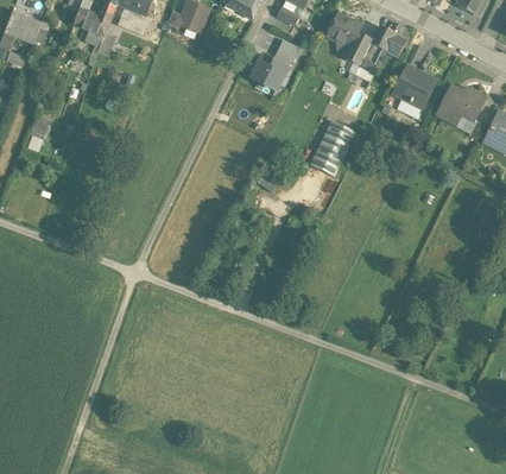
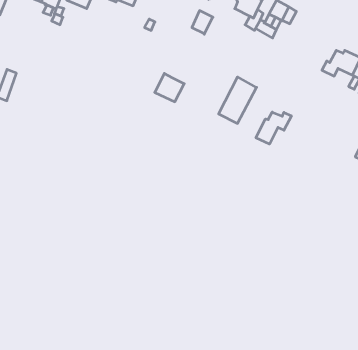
building: [251,53,287,89] -> [155,73,184,102]
building: [393,64,437,108] -> none
building: none -> [256,112,291,144]

